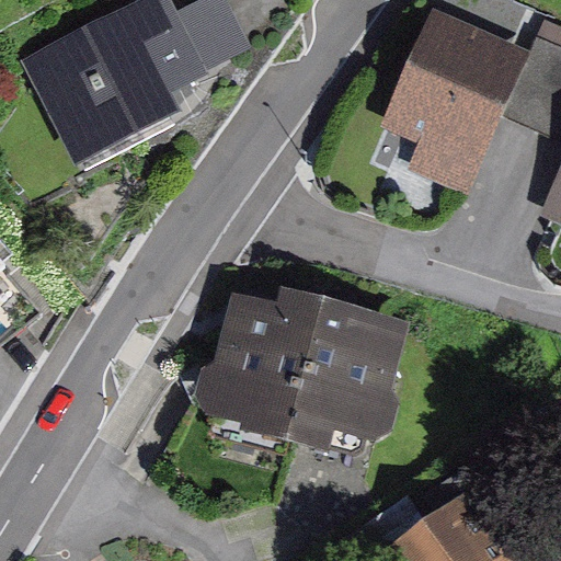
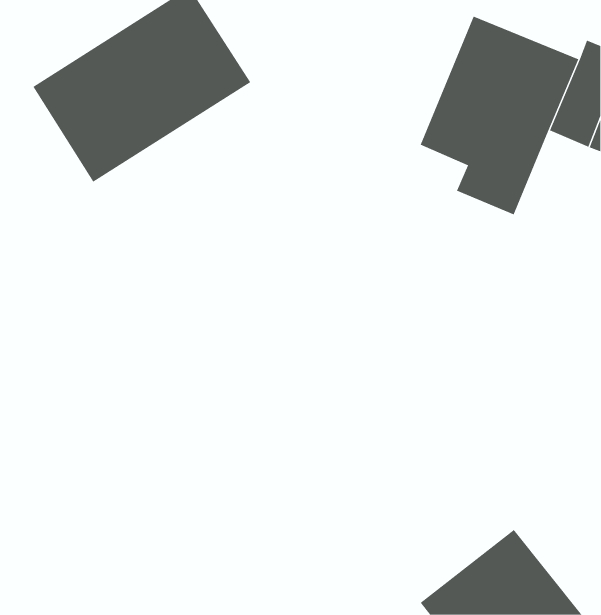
building: [201,274,410,444] -> none

